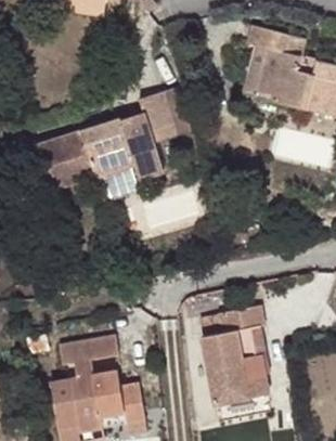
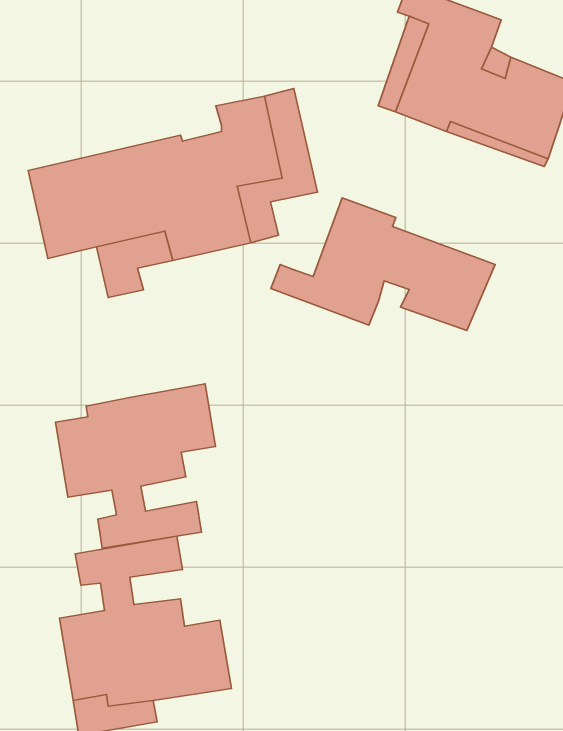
building: none -> [271,198,495,330]
building: none -> [55,384,215,548]
building: [194,312,262,411] -> none

